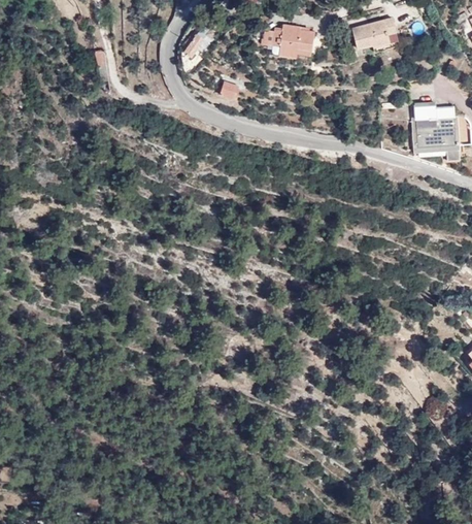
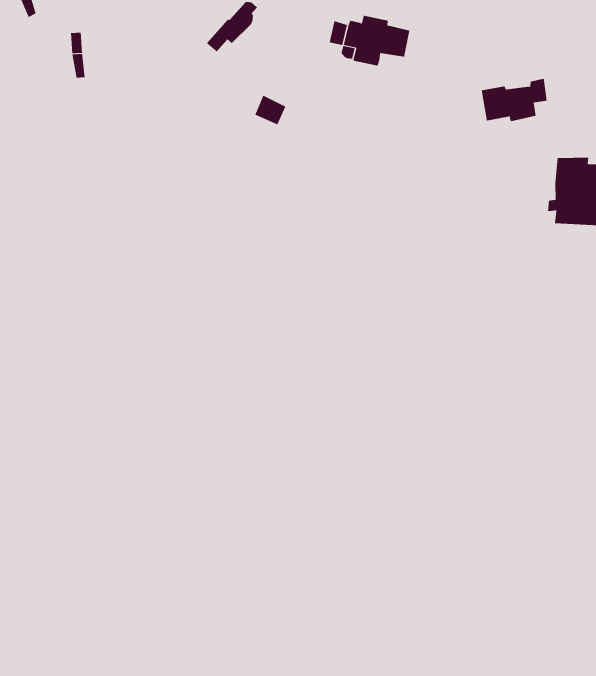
building: [351,18,395,48] -> [481,78,547,122]

